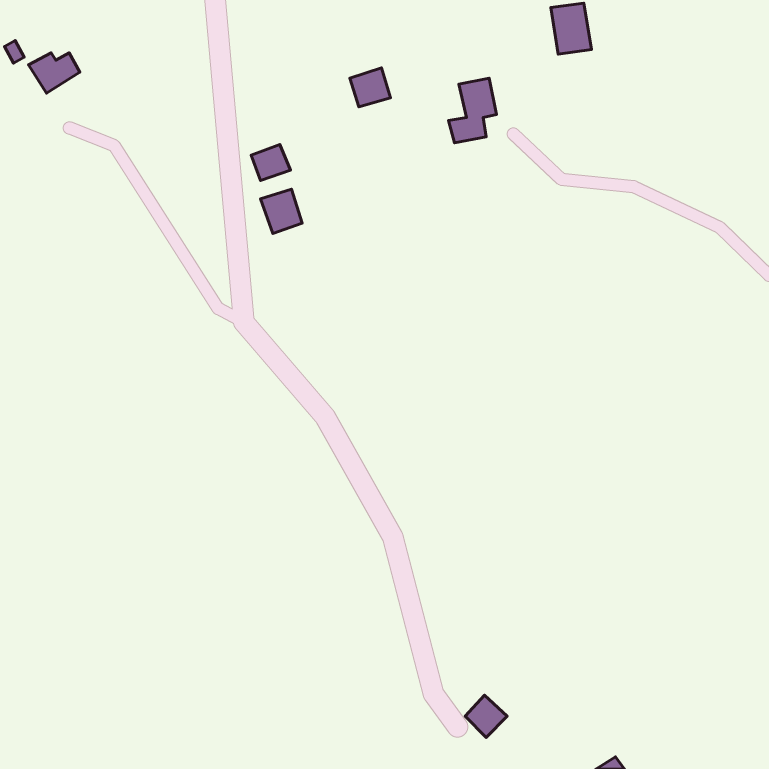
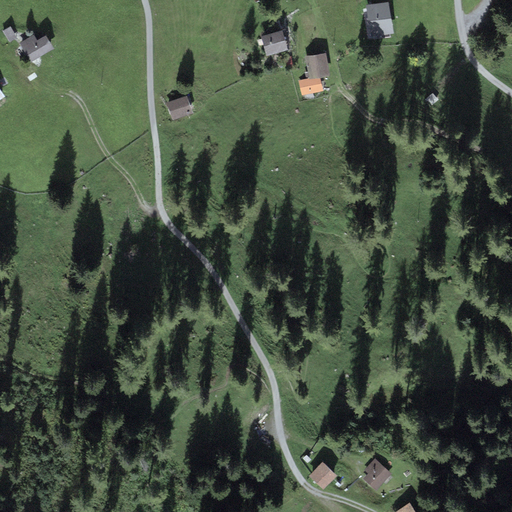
building: [350,68,390,107] -> [261,30,288,56]
building: [261,189,302,234] -> none
building: none -> [363,458,392,491]

